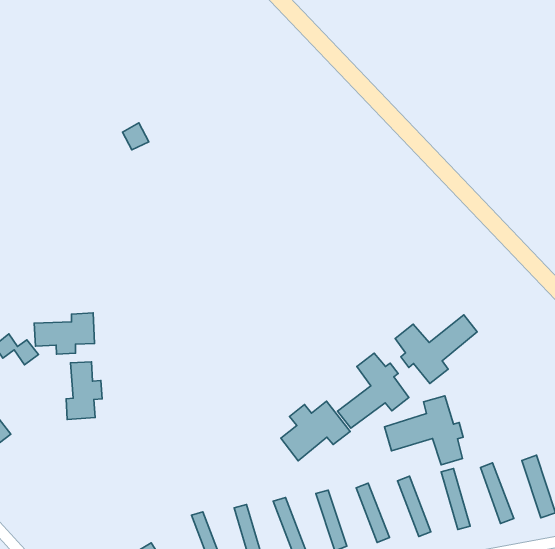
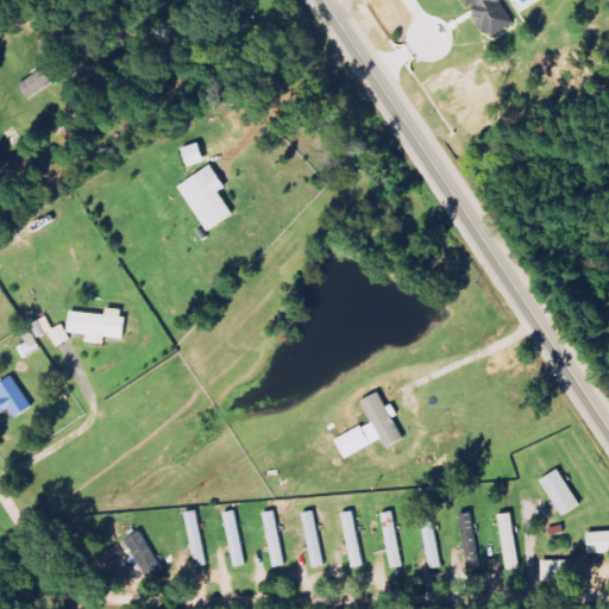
building: none -> [176,164,233,231]
building: [395,315,477,383] -> none
building: [66,362,102,419] -> none
building: [385,396,463,465] -> none
building: [281,401,350,461] -> none

